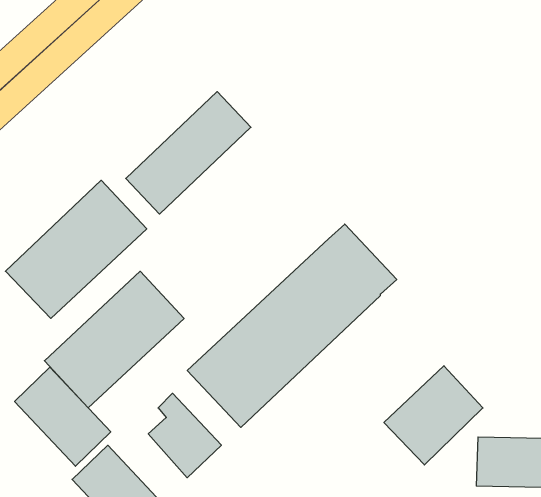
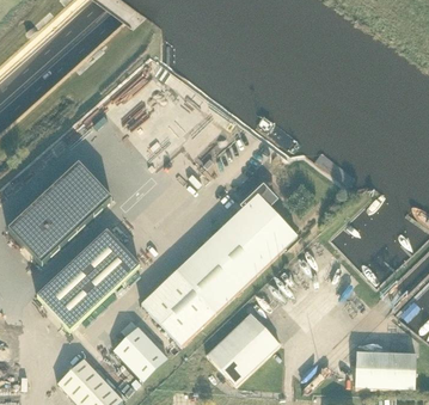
building: [126,92,251,214] -> none
building: [384,366,483,465] -> [206,311,278,383]
building: [15,367,111,466] -> none

